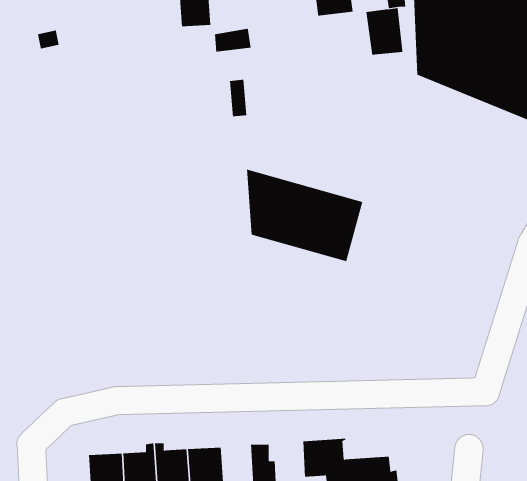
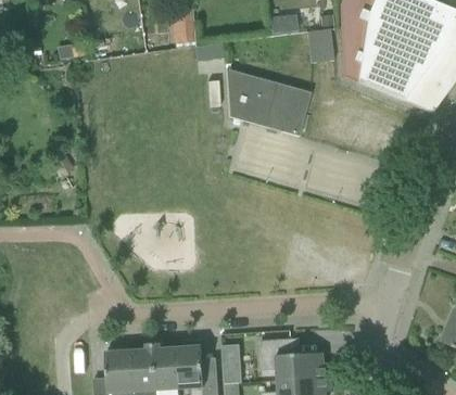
building: [246,169,363,262] -> [226,68,311,136]

